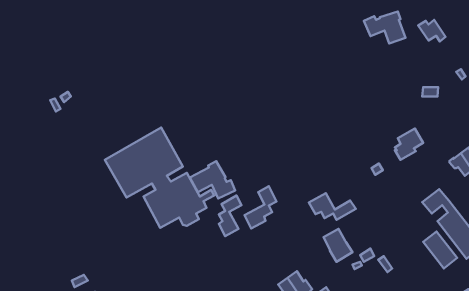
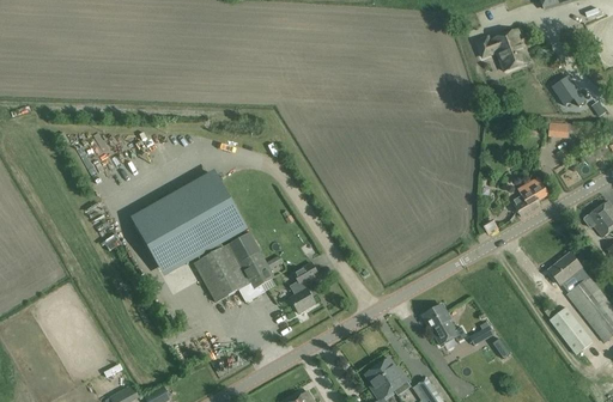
building: [418,20,446,42] -> [550,78,584,105]
building: [190,161,235,198] -> none
building: [245,186,277,229] -> none
building: [309,193,356,220] -> none

